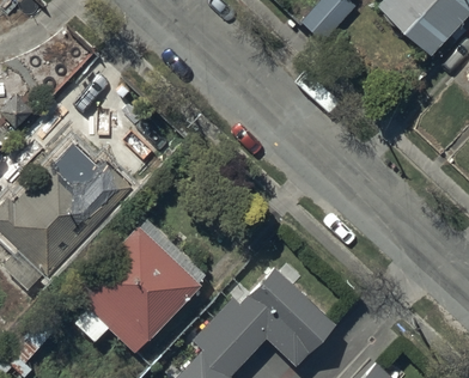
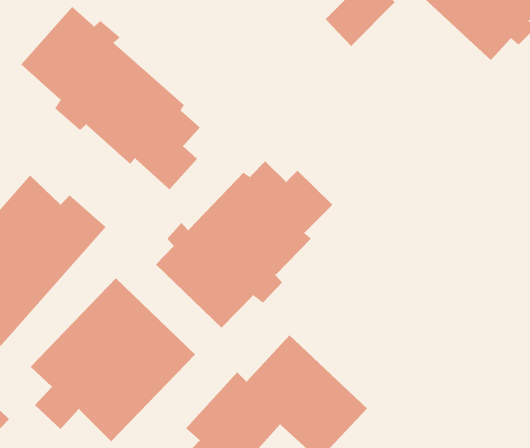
building: none -> [20,6,200,190]
building: none -> [155,161,333,329]

